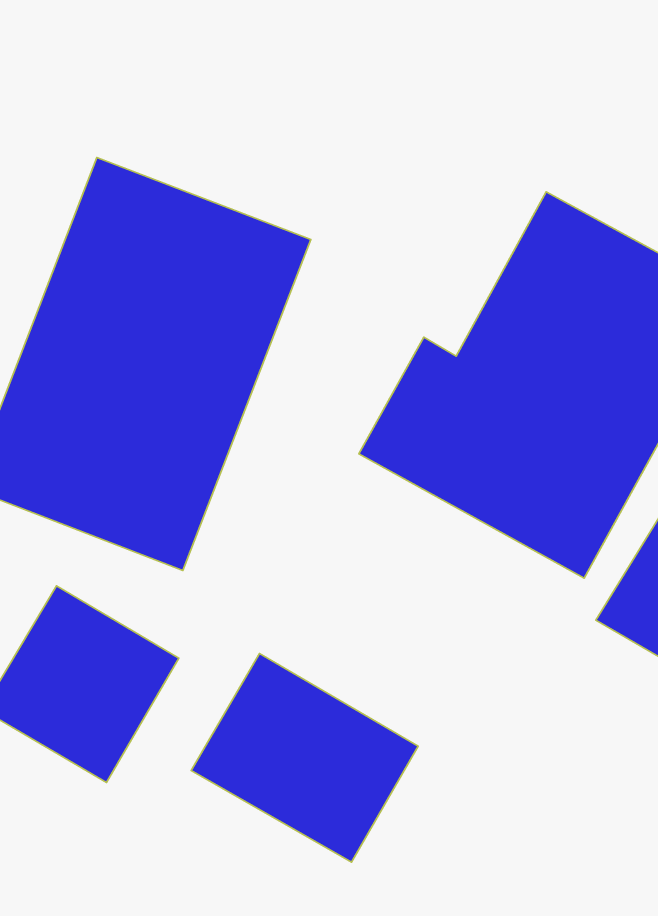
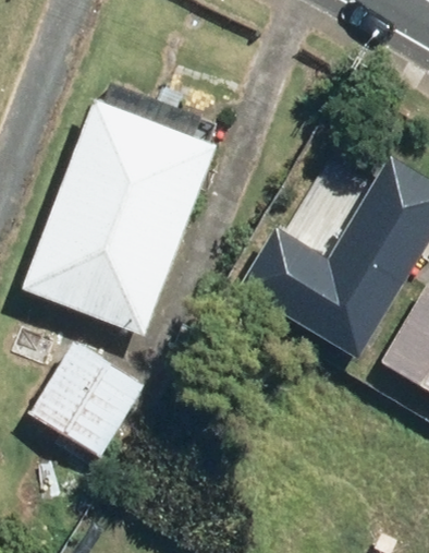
building: [191,654,418,862] -> none

